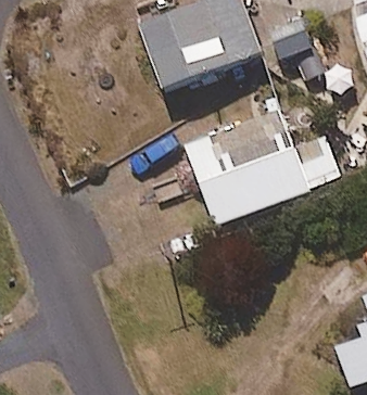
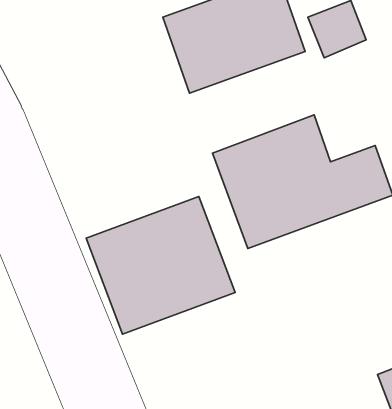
building: none -> [86,197,235,334]

